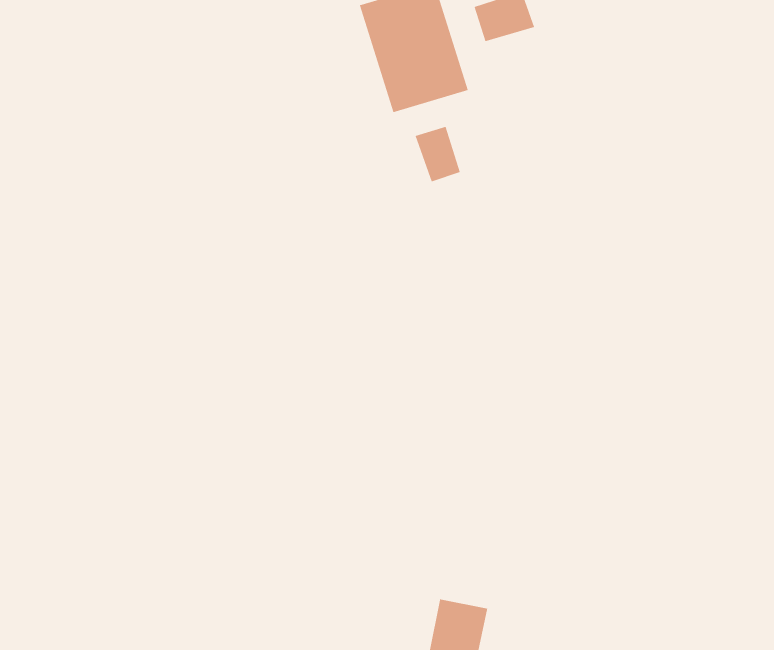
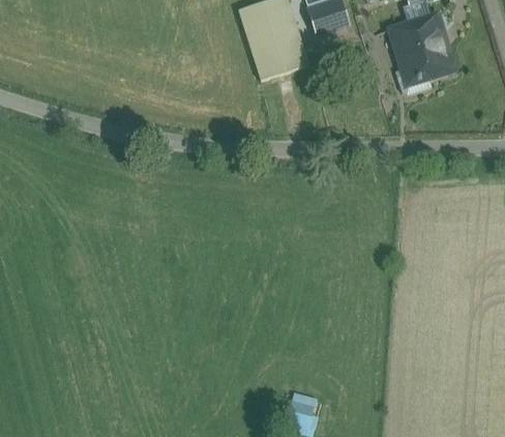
building: none -> [388,14,452,94]
building: [414,126,461,182] -> none

